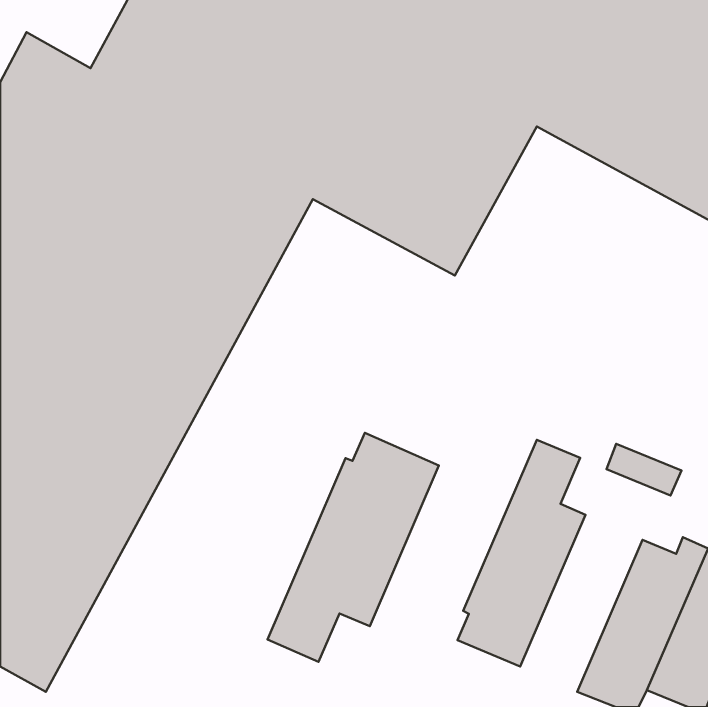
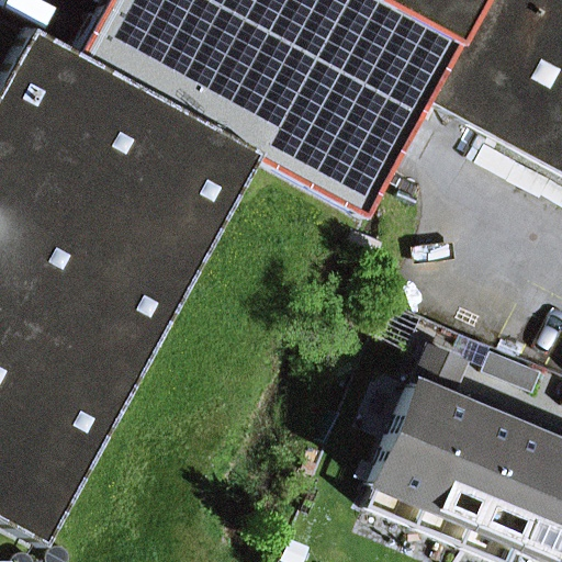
building: [267,433,439,662] -> none
building: none -> [413,393,509,546]

